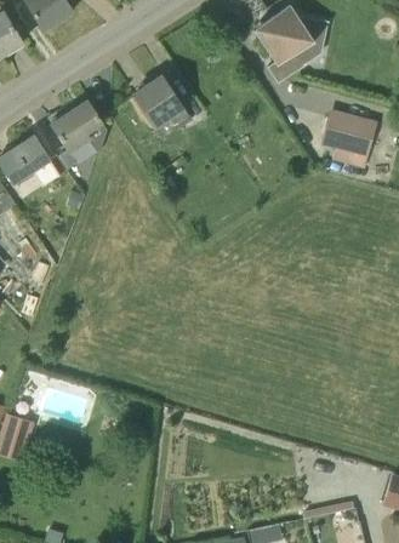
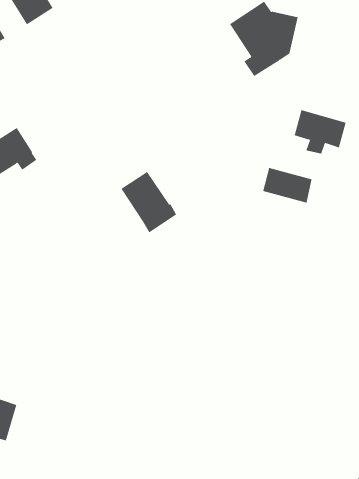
building: [132,75,190,139] -> [121,171,177,233]
building: [51,98,106,154] -> none
building: none -> [262,167,312,204]

